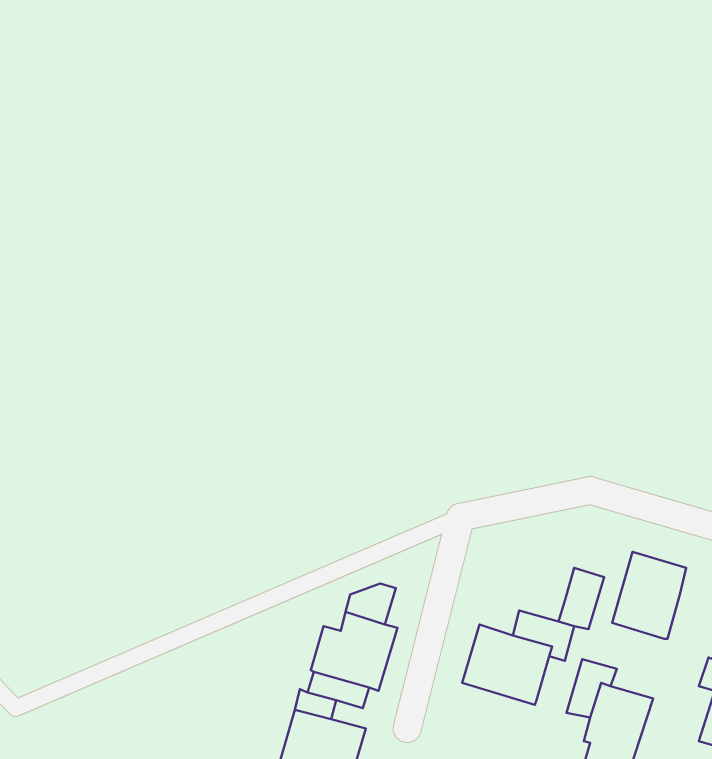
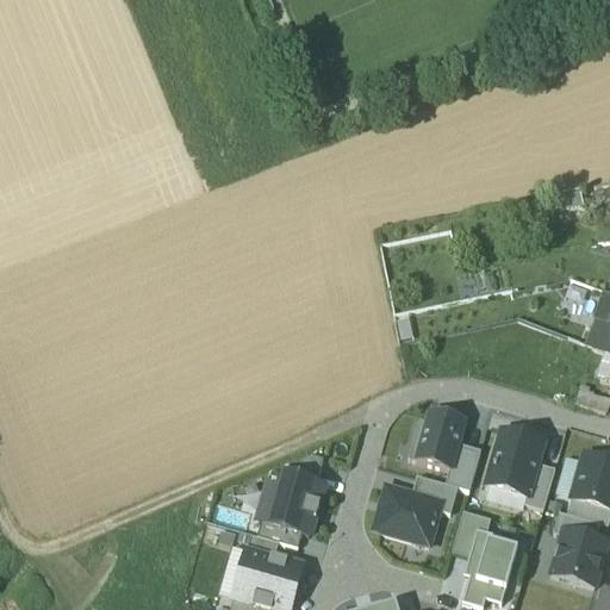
building: none -> [411,410,463,467]
building: none -> [524,462,554,509]

